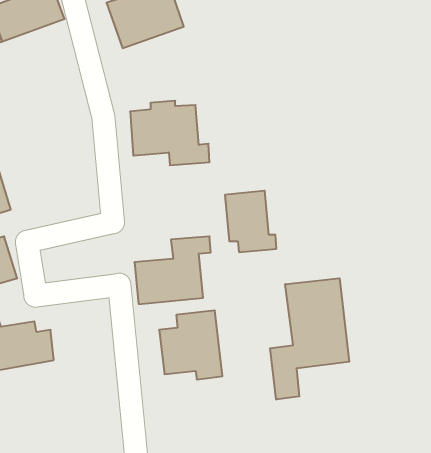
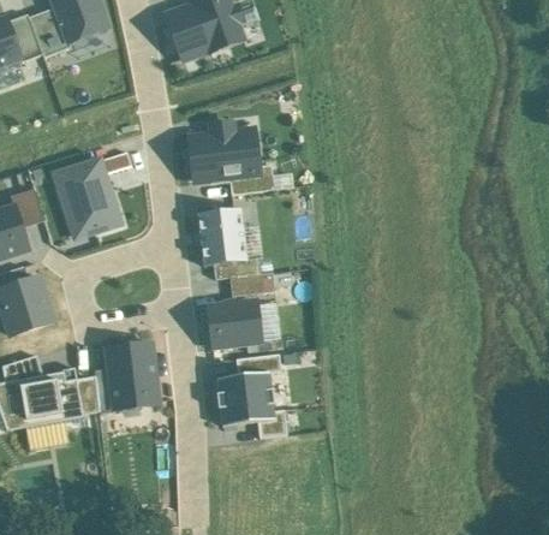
building: none -> [52,150,127,239]
building: [225,191,276,252] -> [198,209,256,278]
building: [270,278,349,400] -> none
building: none -> [94,340,161,411]

